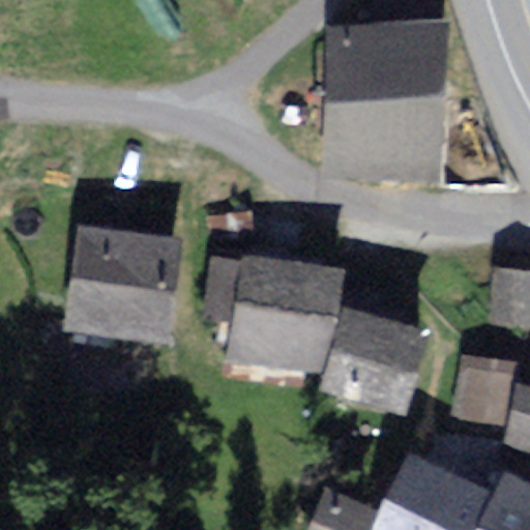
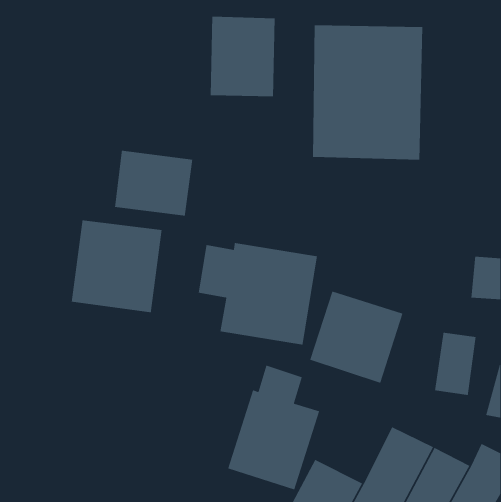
building: none -> [210,16,275,97]
building: none -> [114,150,193,217]
building: none -> [227,365,320,491]

